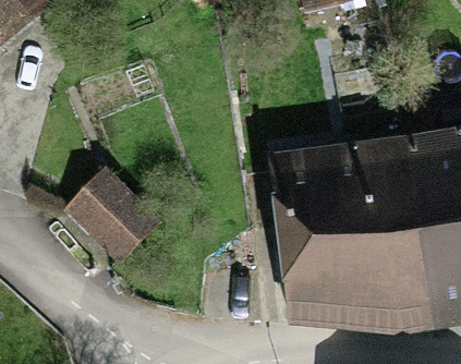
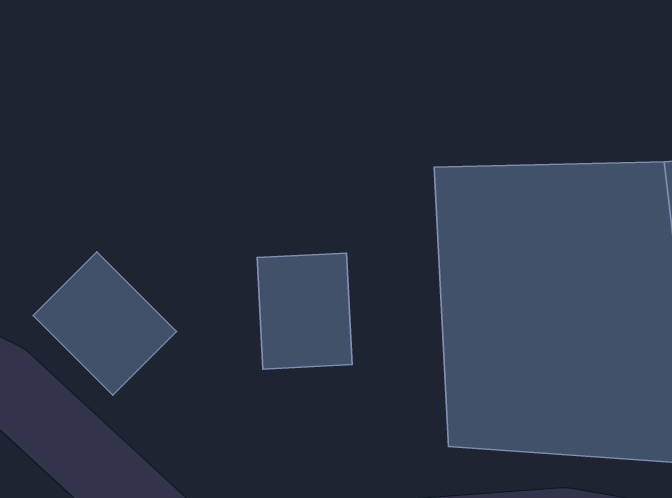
building: none -> [257,253,352,369]

